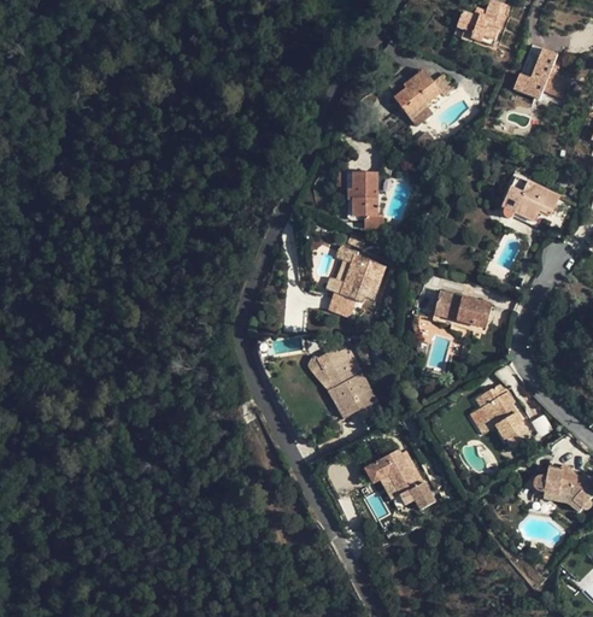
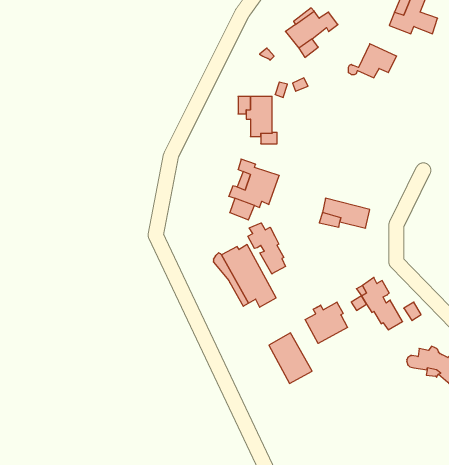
building: [504,182,560,222] -> [348,44,397,78]
building: none -> [248,223,285,274]
building: none -> [305,302,348,343]

